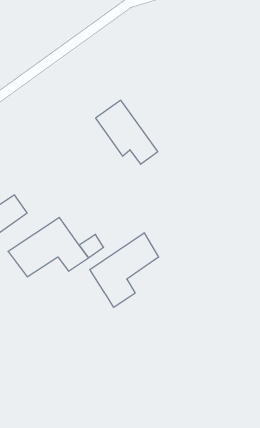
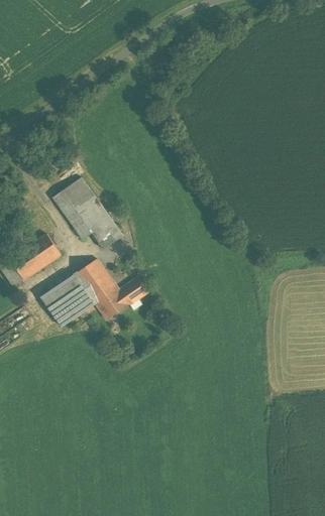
building: [96,100,158,164] -> [52,177,122,249]
building: [90,233,159,307] -> none

